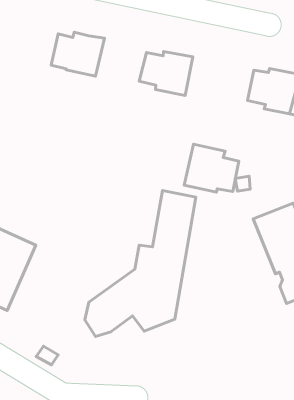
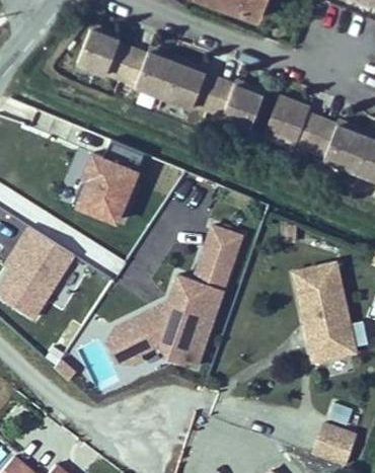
building: none -> [76,26,132,81]
building: none -> [162,63,217,111]
building: none -> [75,143,144,223]
building: [184,144,239,192] -> [262,95,321,149]

